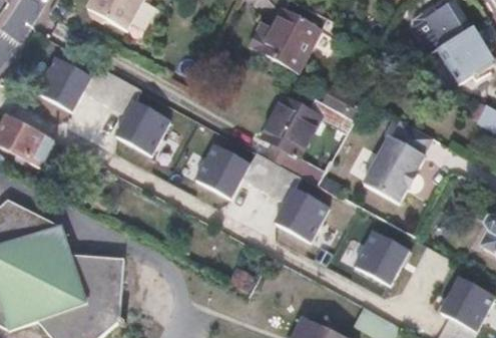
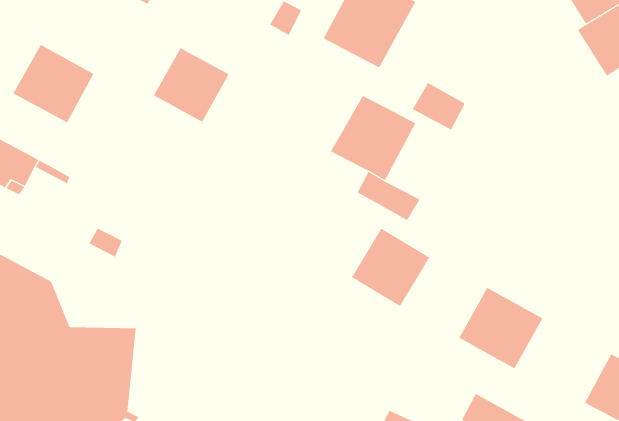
building: [116,101,170,154] -> [153,47,229,122]
building: [361,118,428,202] -> none
building: [193,141,253,200] -> none

